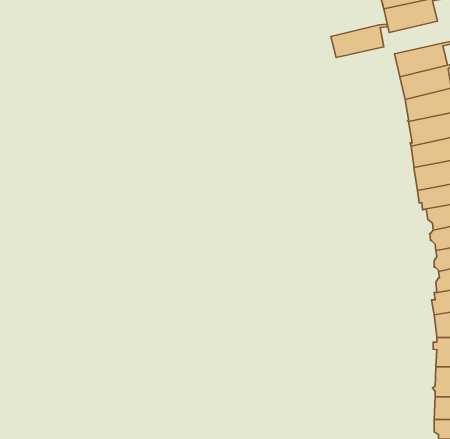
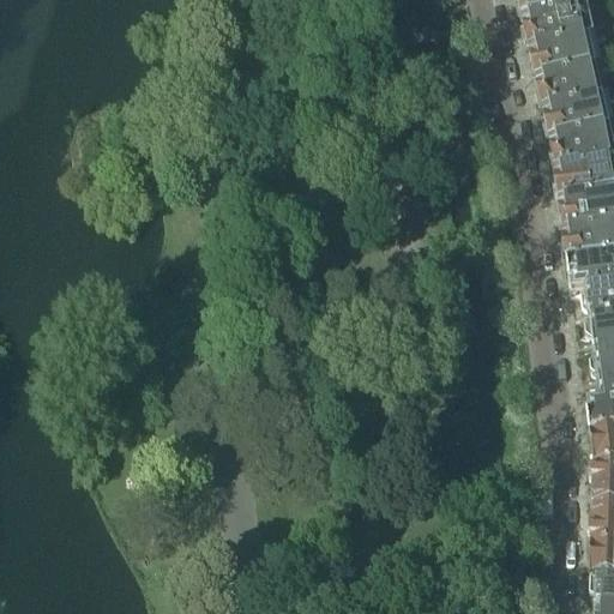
building: [331,24,387,58] -> [530,28,607,73]

